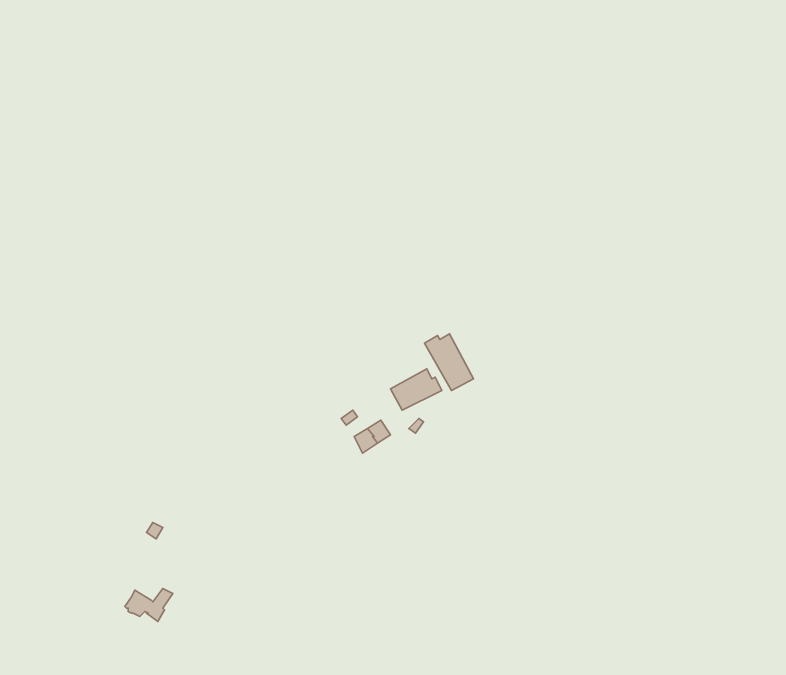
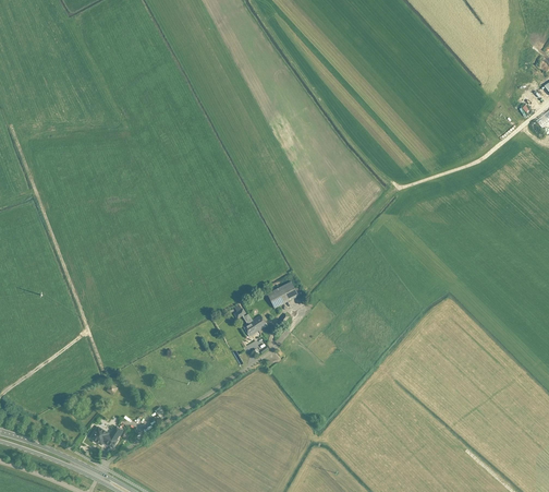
building: [425,334,474,391] -> none

